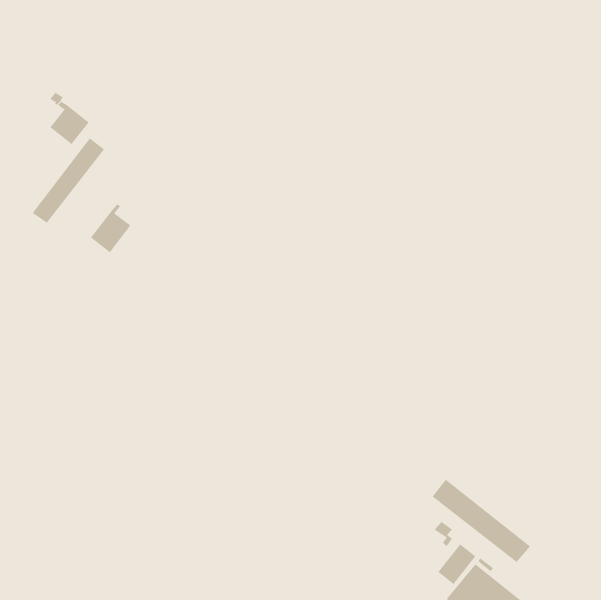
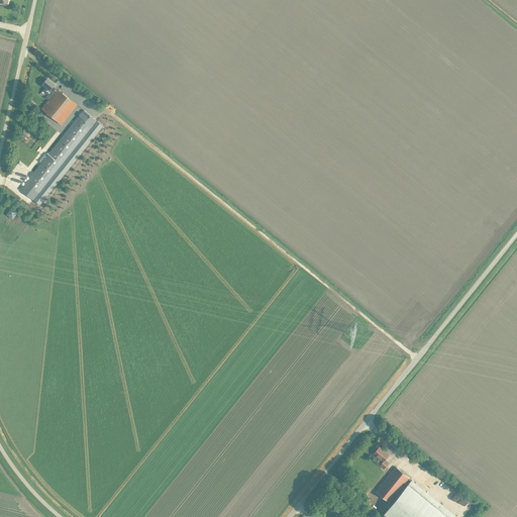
building: [90,204,131,253] -> none
building: [432,479,531,563] -> none

